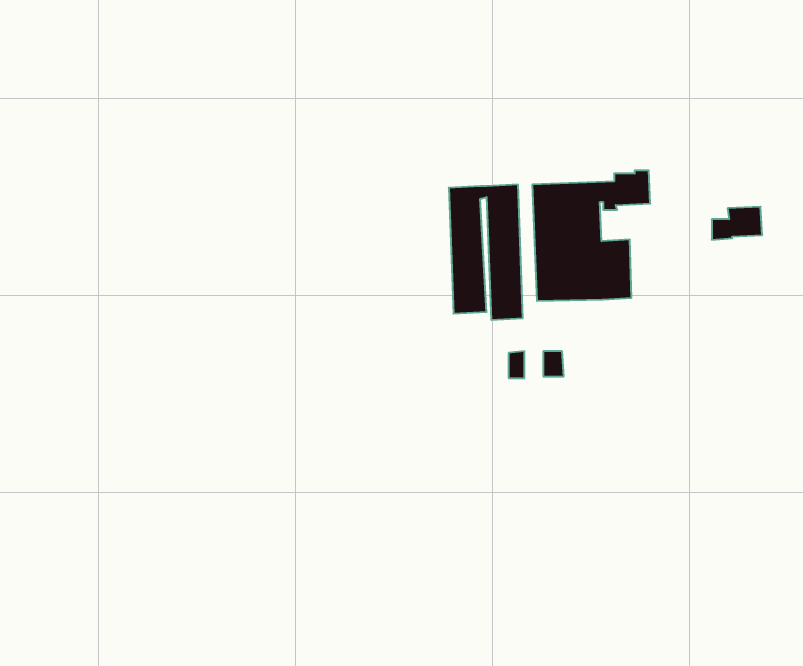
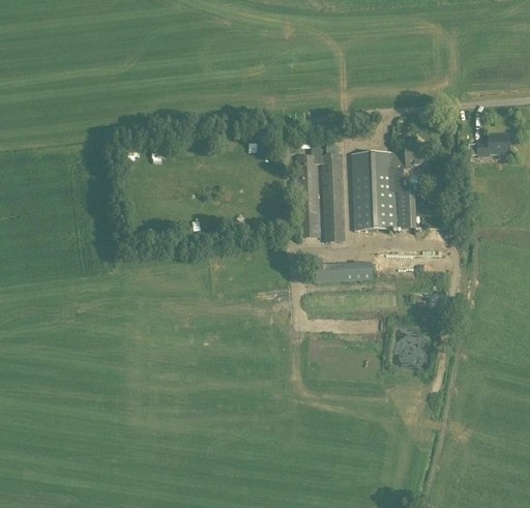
building: [712,207,762,240] -> [476,133,509,155]

